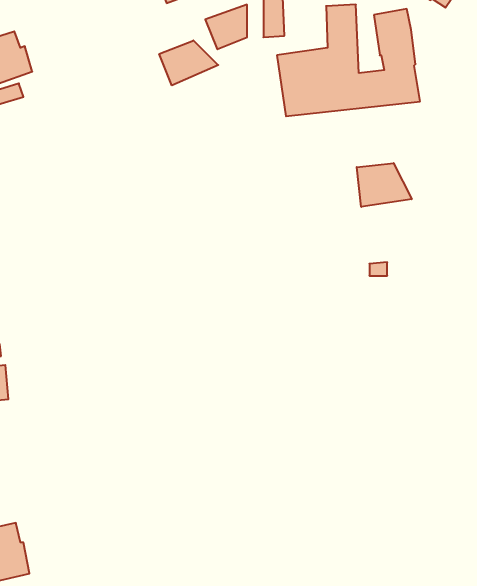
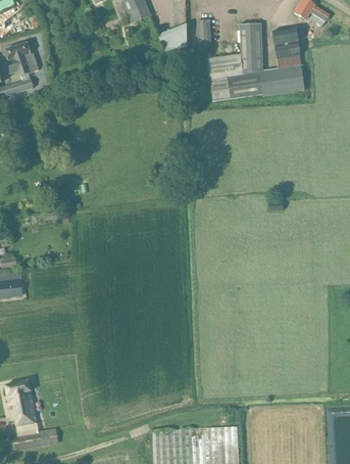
building: [159,40,218,85] -> none
building: [357,163,412,207] -> none

